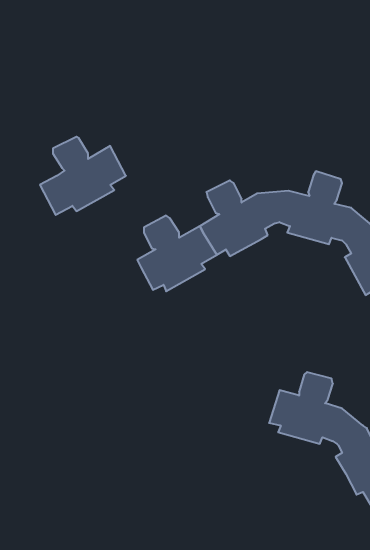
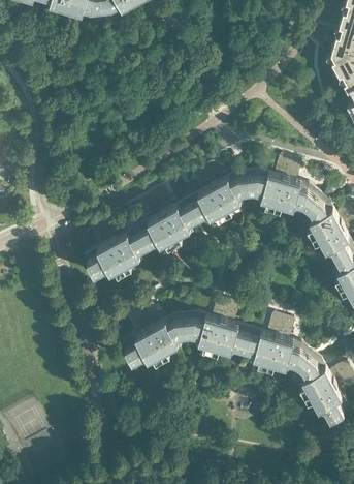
building: [40,137,126,215] -> [83,220,151,282]
building: none -> [121,300,251,369]

